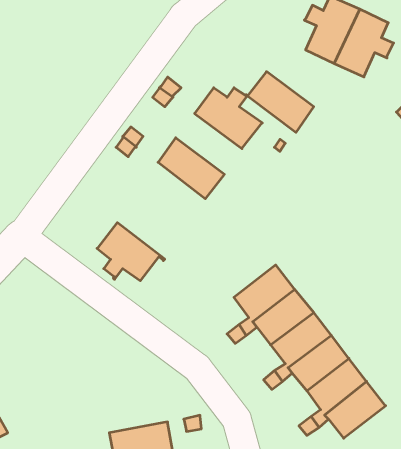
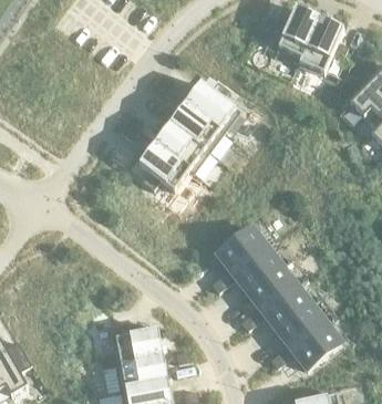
building: [247,72,314,132] -> [168,103,223,153]
building: [97,223,165,281] -> [137,143,193,190]
building: none -> [104,321,162,365]

